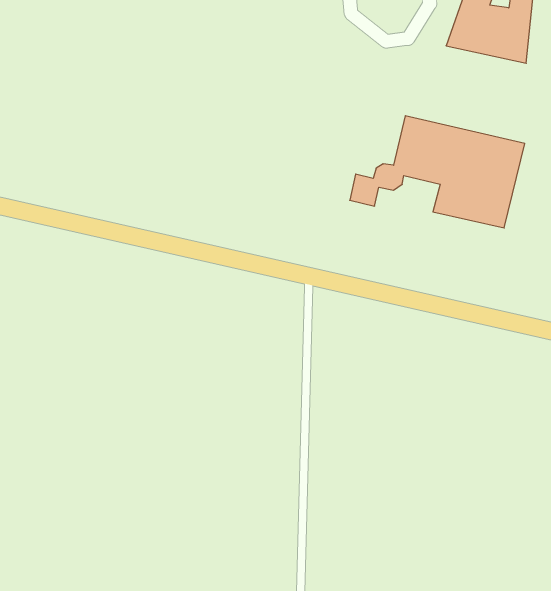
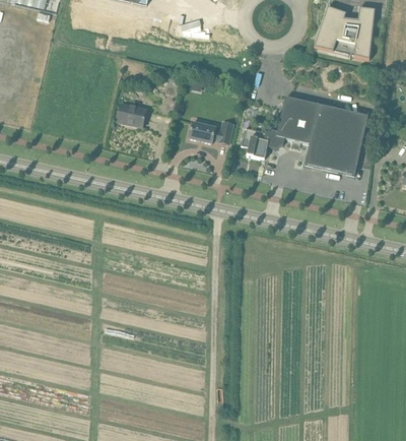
building: none -> [117,103,146,125]
building: none -> [189,120,233,142]

